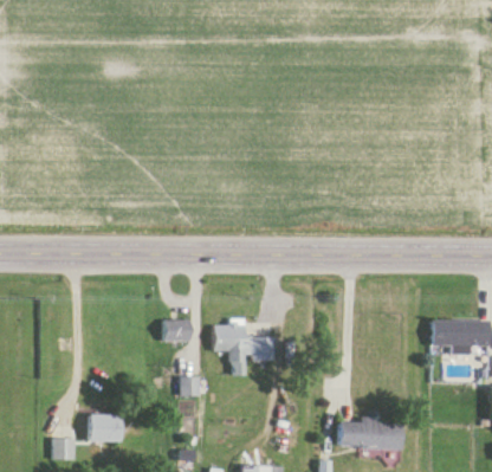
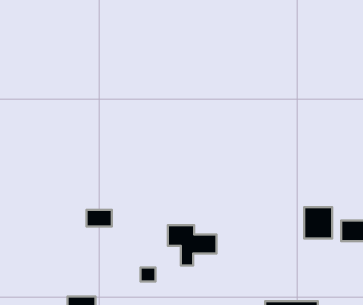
building: none -> [304,207,332,238]
building: [161,321,193,342] -> [87,210,112,227]

